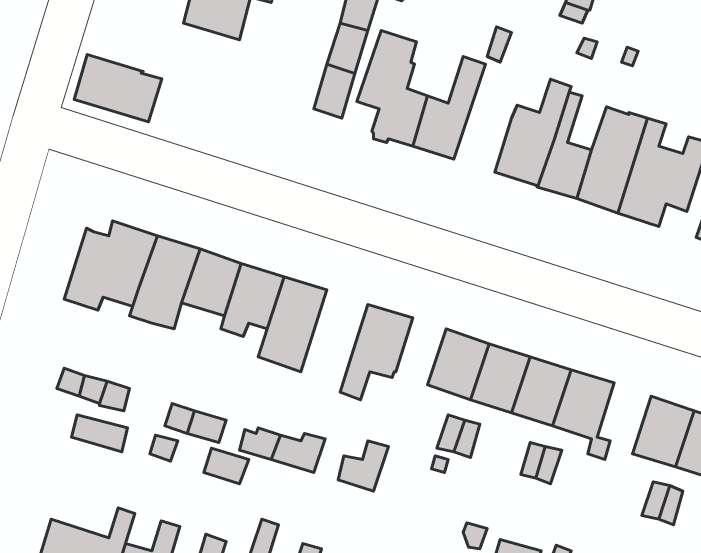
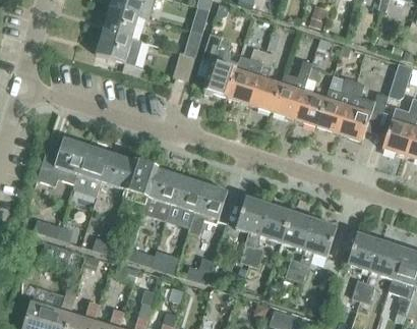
building: [74,55,162,122] -> [96,29,143,65]
building: none -> [250,51,282,110]
building: none -> [167,174,203,222]

